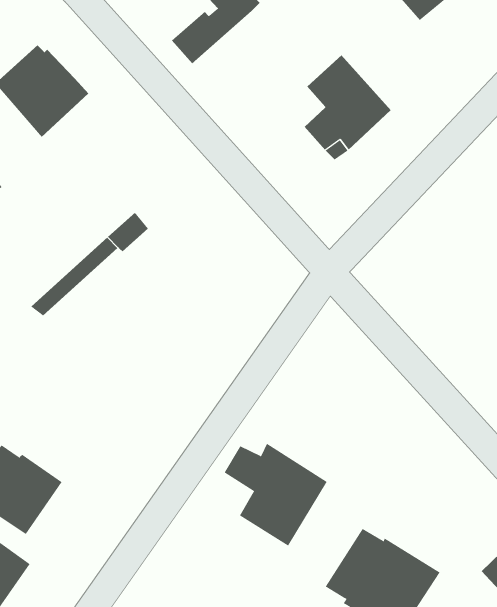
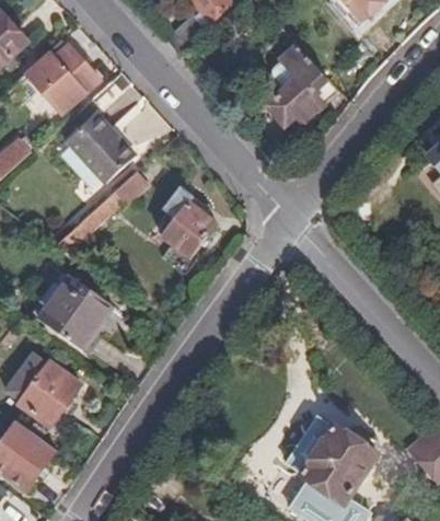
building: none -> [66,113,132,180]
building: none -> [161,187,212,257]
building: none -> [38,275,112,349]
building: [224,443,328,546] -> none

